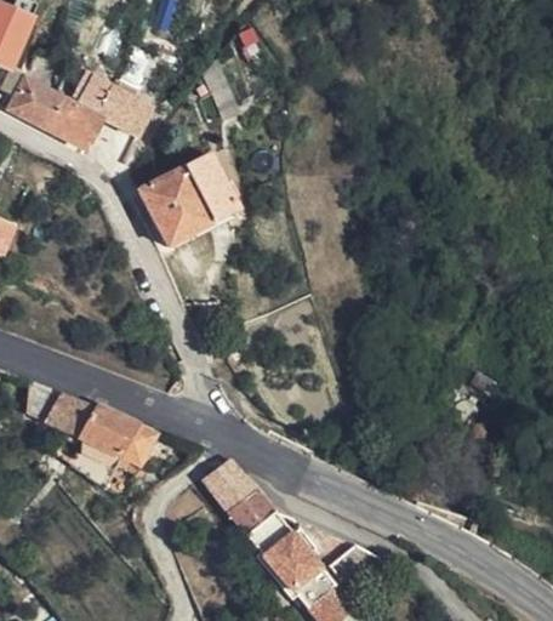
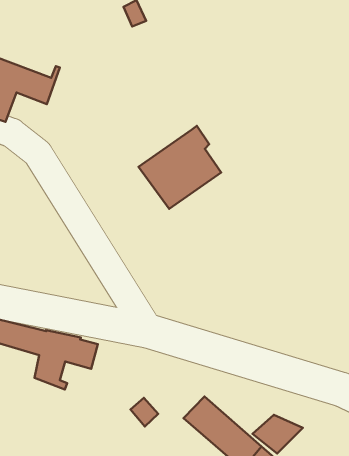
building: [136,150,235,246] -> [139,126,221,209]
building: [204,460,281,539] -> none

